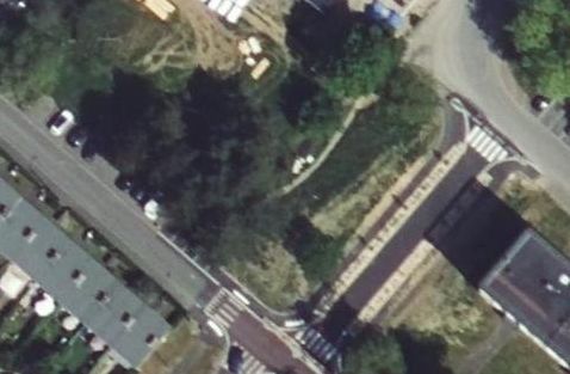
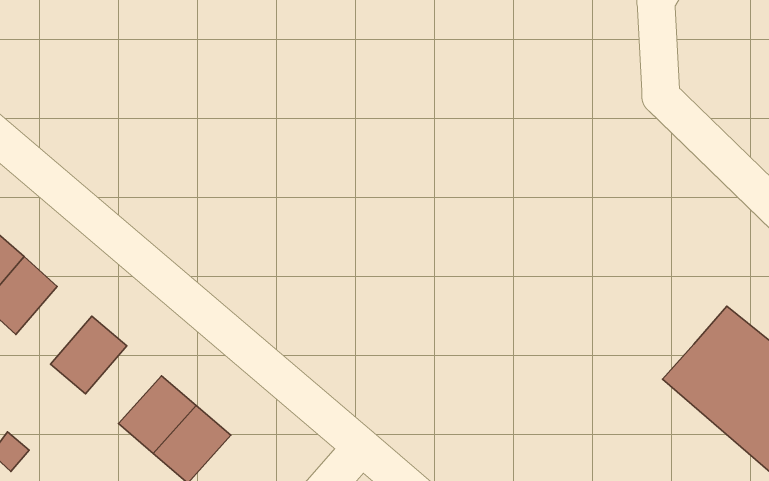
building: [14,220,69,276] -> none
building: [64,263,119,319] -> none

